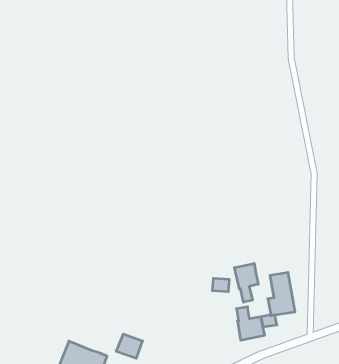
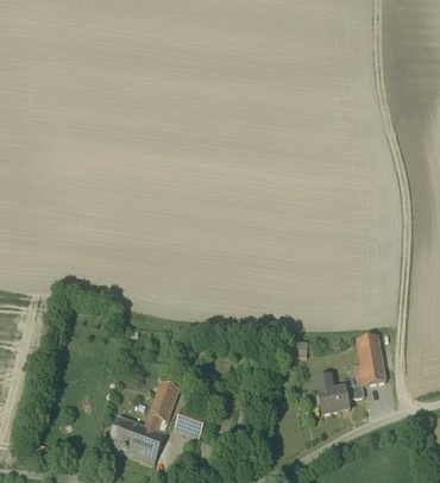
building: [234,263,258,302] -> none
building: none -> [145,383,178,429]

